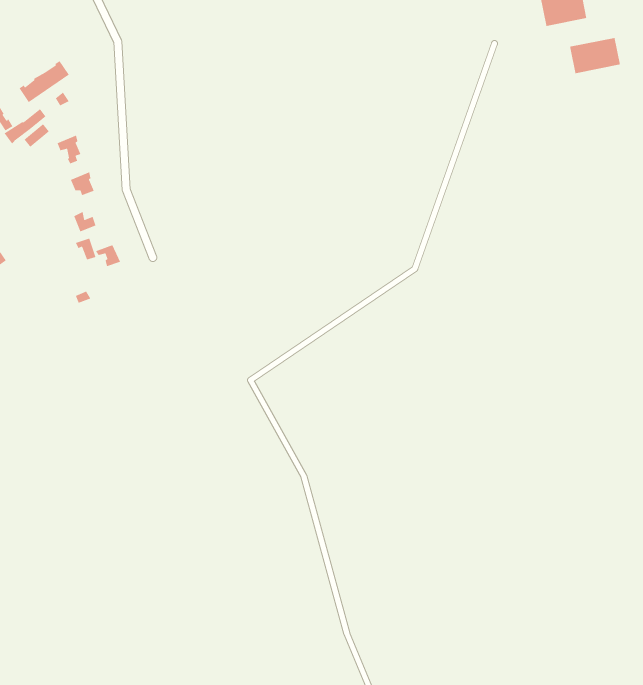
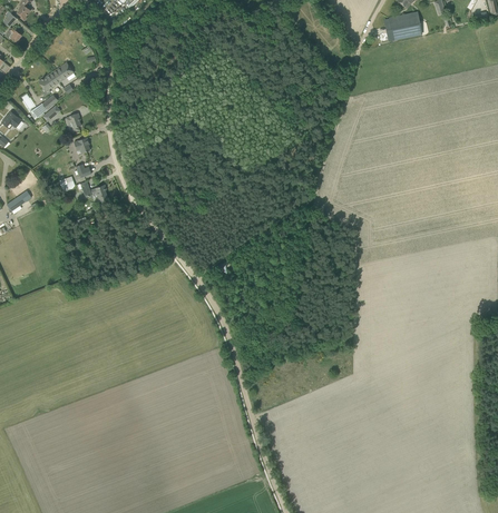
building: [569,37,621,74] -> none

